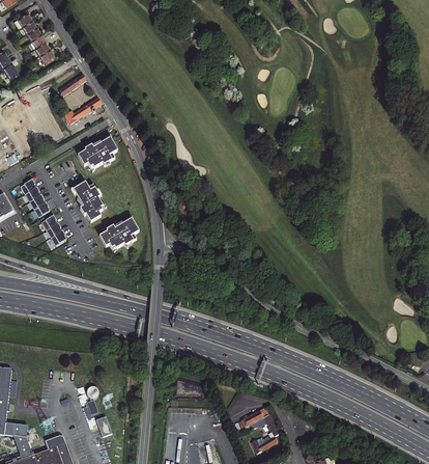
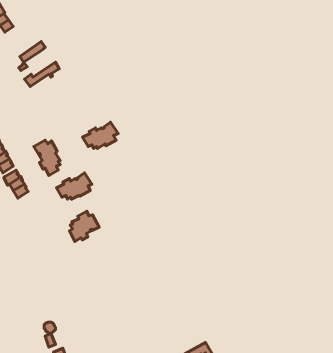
building: [78,138,117,167] -> [83,122,118,148]
building: none -> [69,211,99,241]

